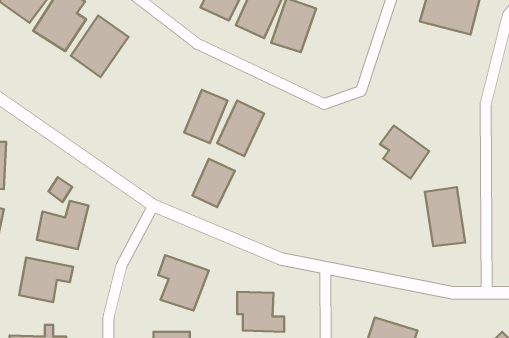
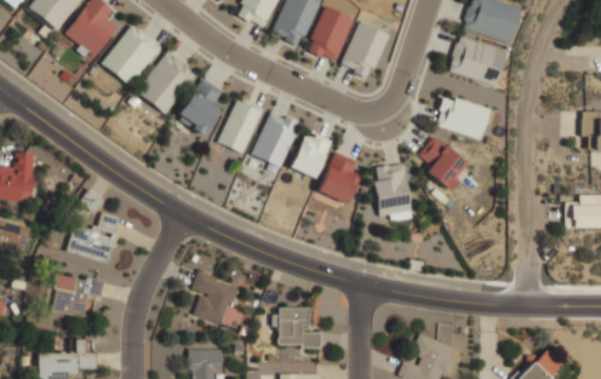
building: none -> [339,21,390,80]
building: none -> [447,35,508,86]
building: none -> [136,50,198,114]
building: none -> [177,77,229,134]
building: none -> [434,93,491,138]
building: none -> [317,150,362,203]
building: [192,159,235,207] -> [290,130,333,179]
building: [425,187,465,246] -> [374,161,416,222]

